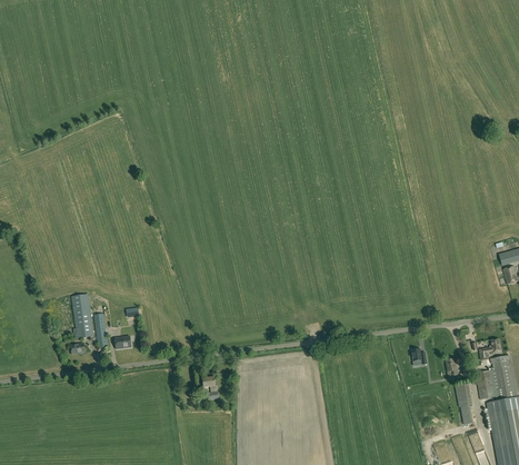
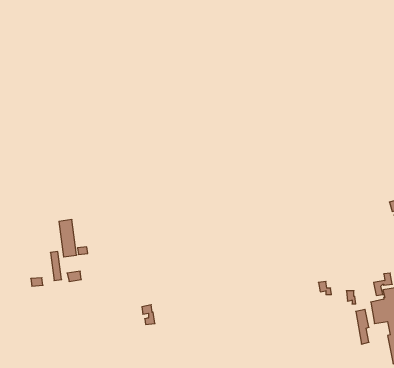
building: [71,295,92,339] -> [59,220,77,257]

